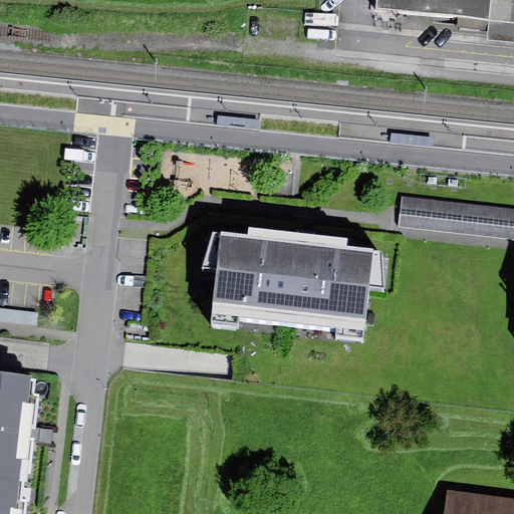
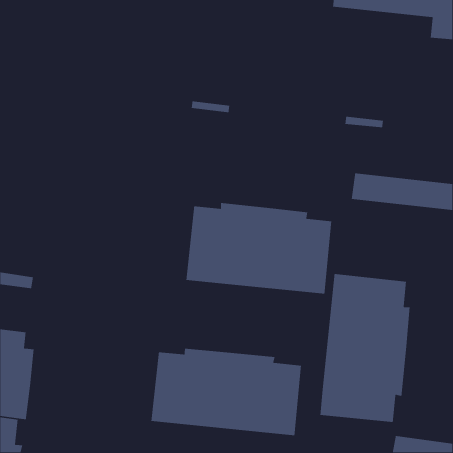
building: none -> [319,273,411,423]
building: none -> [151,348,302,436]

